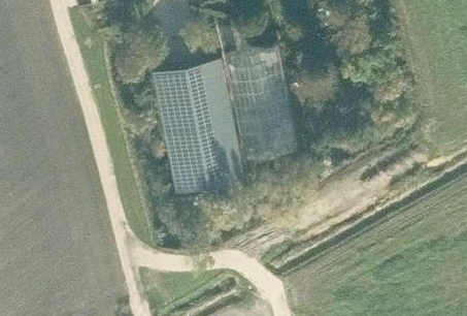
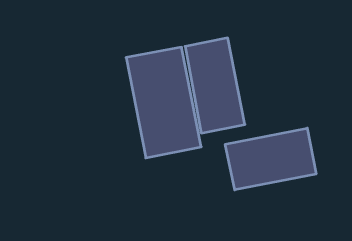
building: none -> [225,128,316,190]

